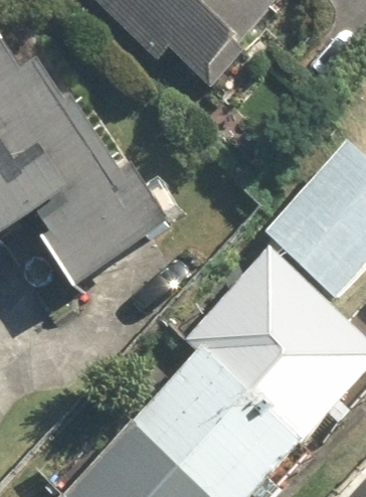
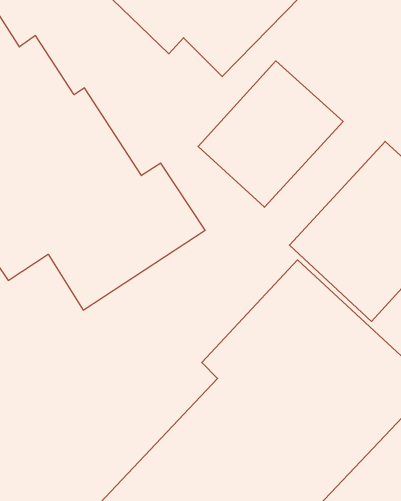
building: none -> [198,61,343,207]

